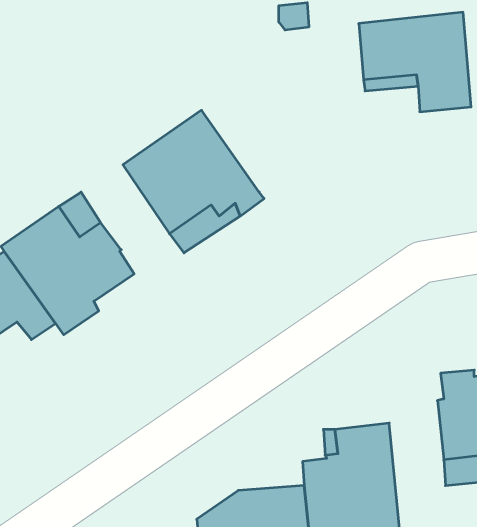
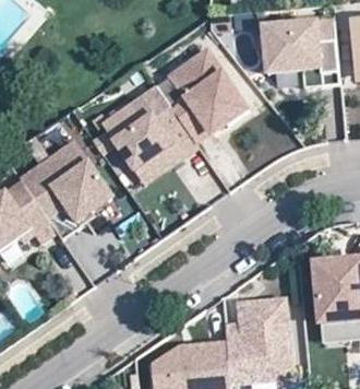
building: none -> [155,49,248,141]

